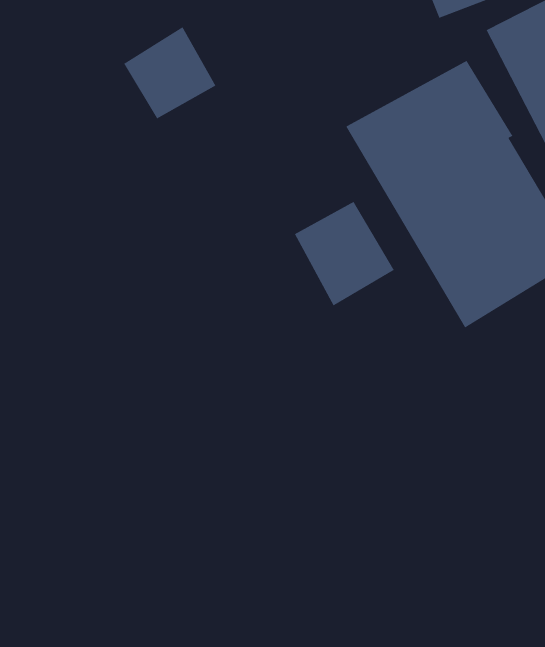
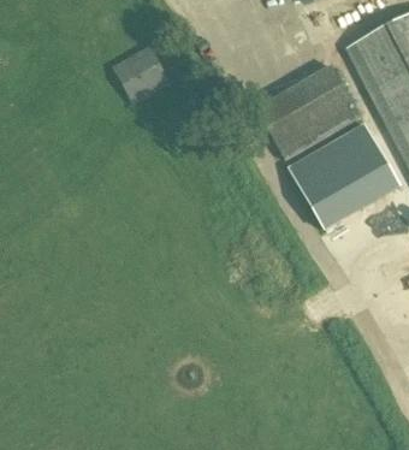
building: [294,201,395,307] -> none

